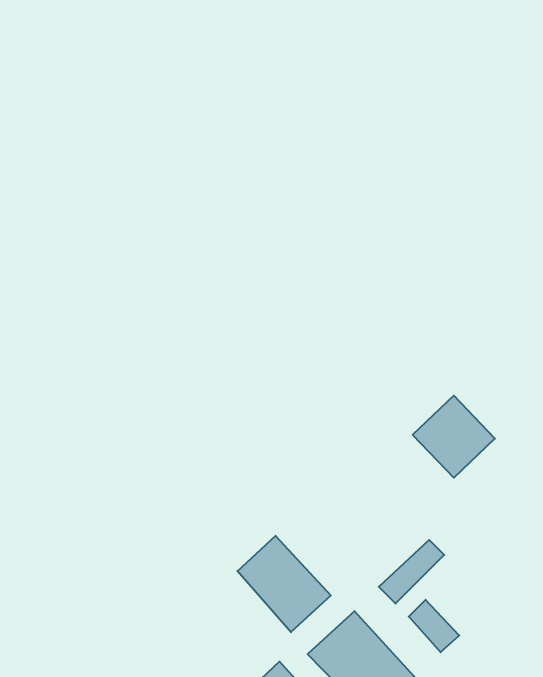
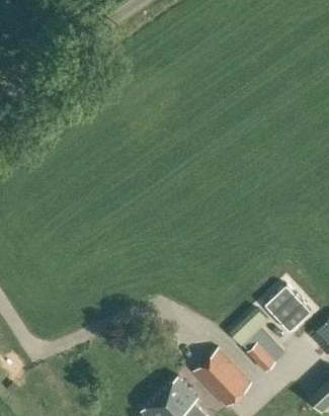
building: [413,396,495,478] -> [265,284,310,329]
building: [237,536,331,632] -> none

